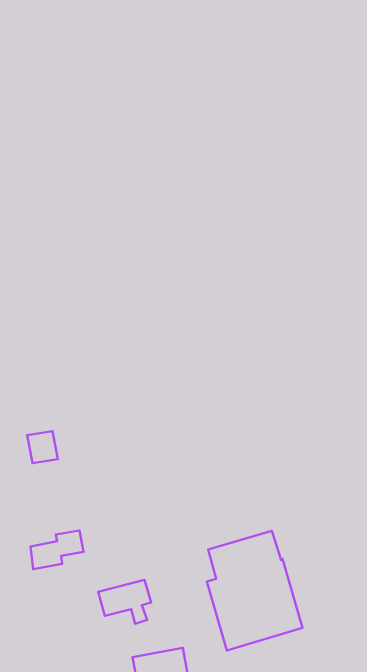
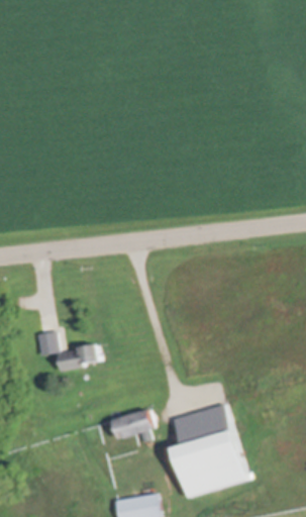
building: [30,530,84,569] -> [58,341,98,371]
building: [98,580,151,624] -> [111,409,151,442]

